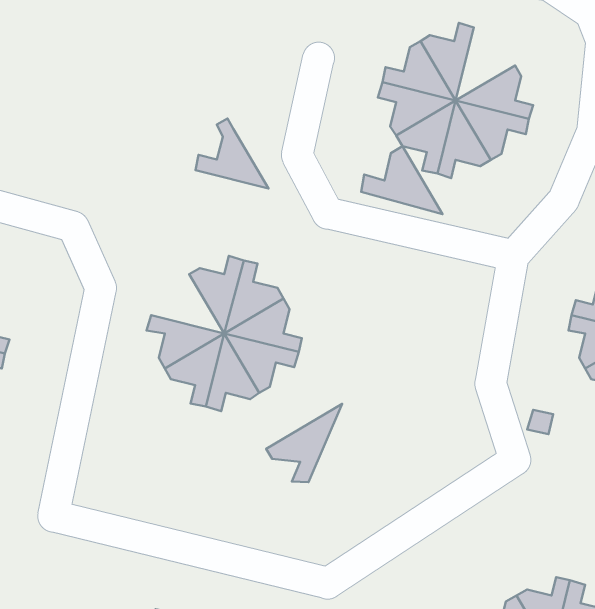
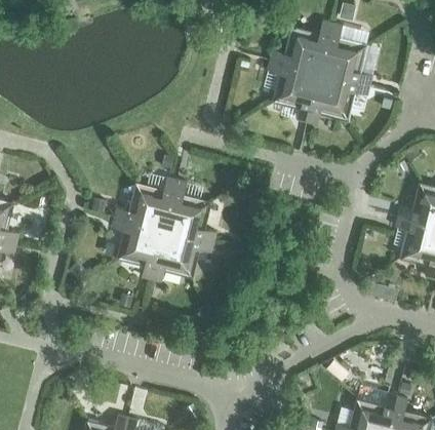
building: none -> [319,22,359,71]
building: [195,118,269,188] -> [114,181,163,228]
building: [361,146,442,214] -> none
building: [266,404,342,482] -> none

